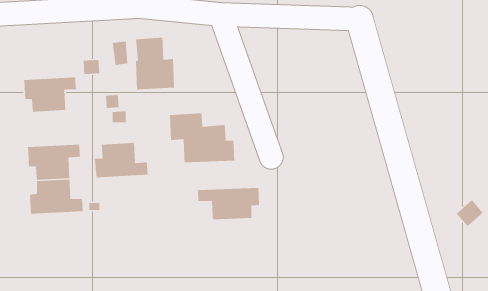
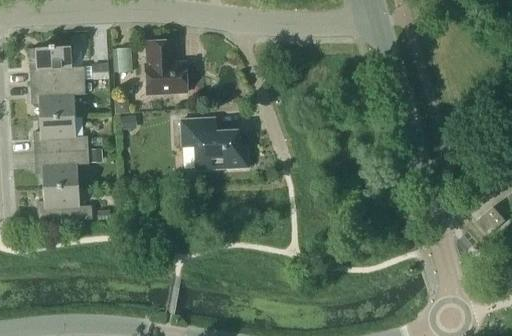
building: none -> [28,46,84,84]
building: [94,142,148,178] -> [32,116,88,153]
building: [197,187,260,220] -> none

